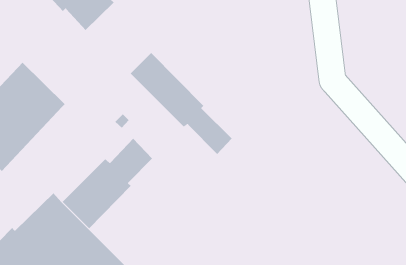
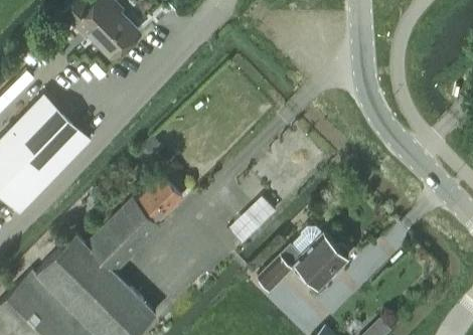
building: [130,52,232,155] -> none
building: none -> [257,228,348,290]

